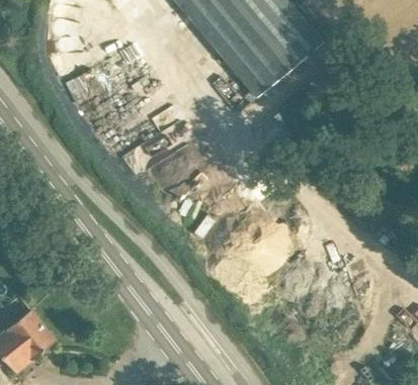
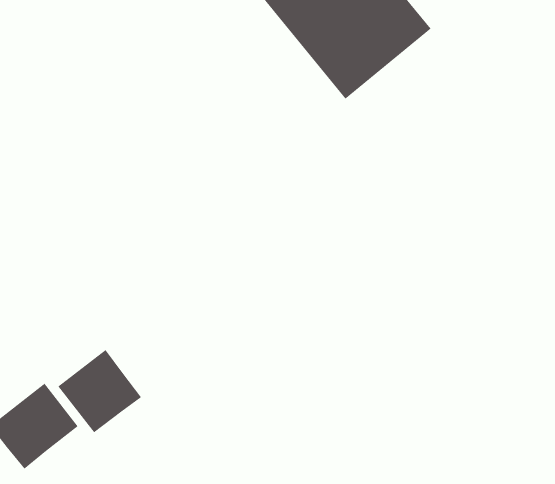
building: none -> [58,349,142,433]

